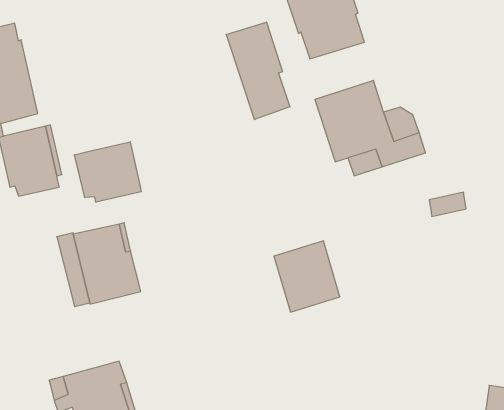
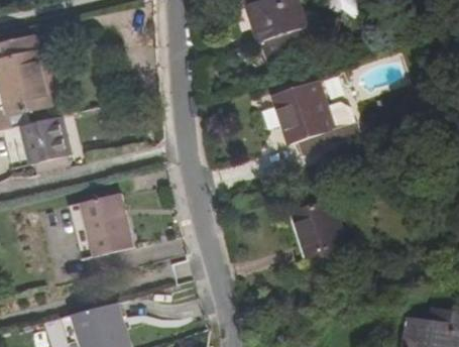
building: [226,22,290,120] -> none
building: [74,142,141,202] -> none
building: [274,241,340,312] -> [292,201,344,257]

